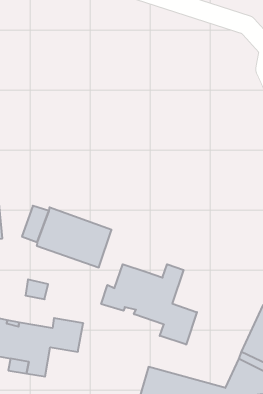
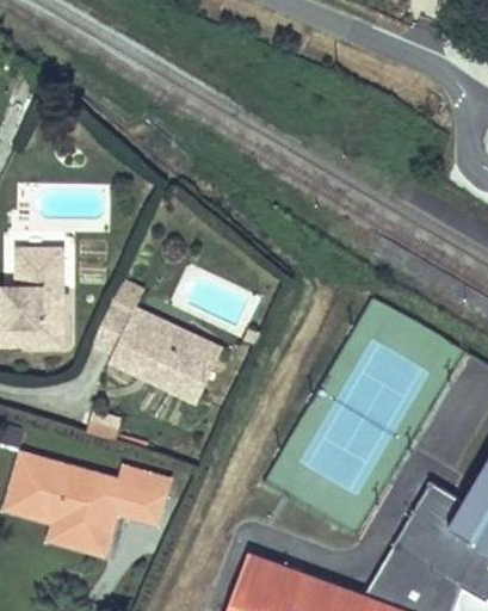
building: [101,264,197,345] -> none

